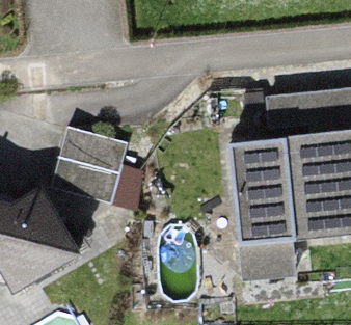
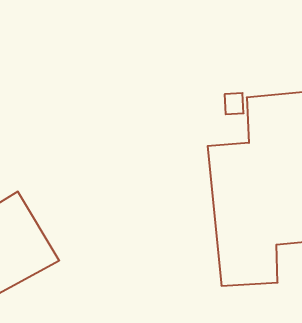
building: [52,126,127,201] -> none

